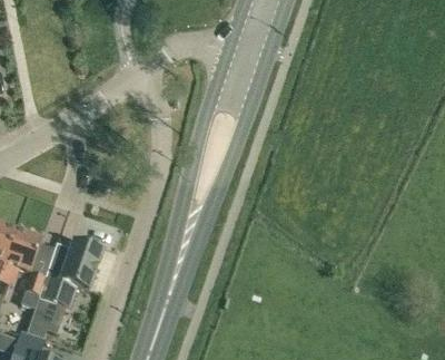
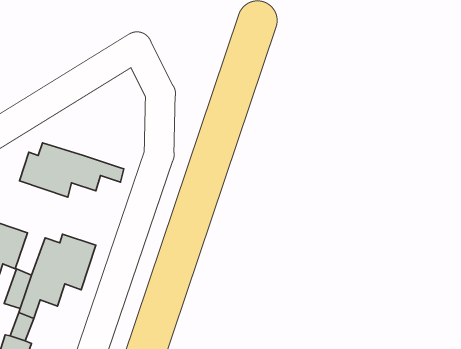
building: none -> [19,143,124,197]

